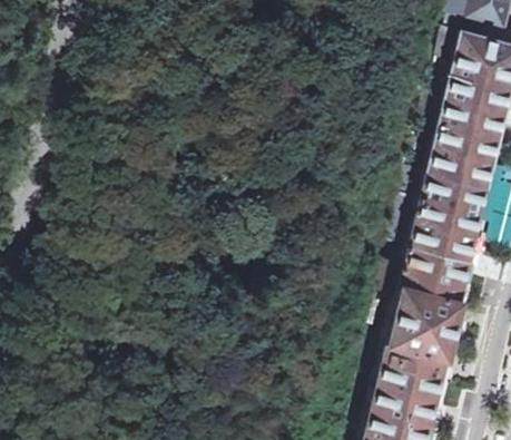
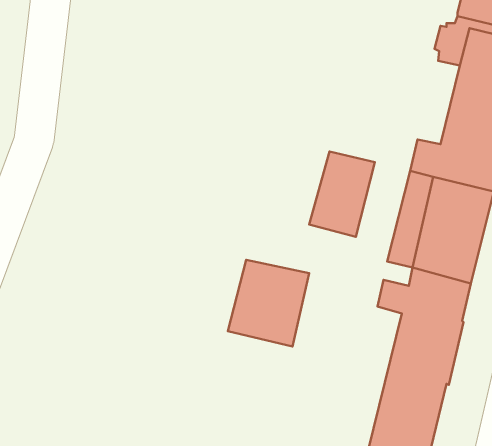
building: none -> [309,152,375,237]
building: none -> [228,260,309,346]

